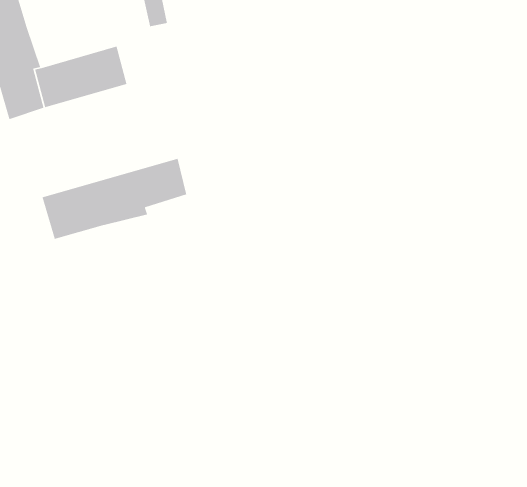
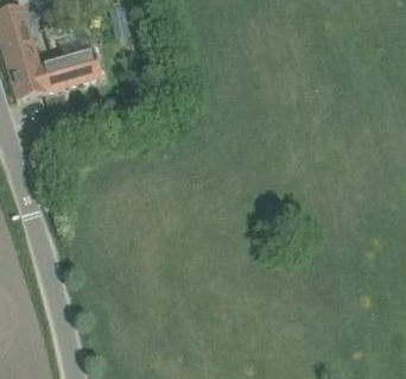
building: [41,158,187,240] -> none

